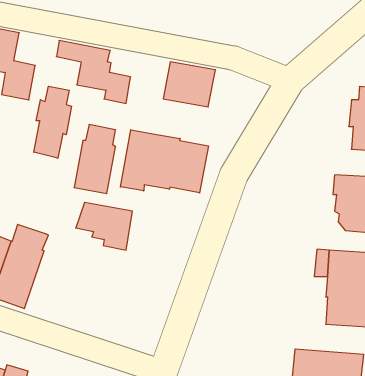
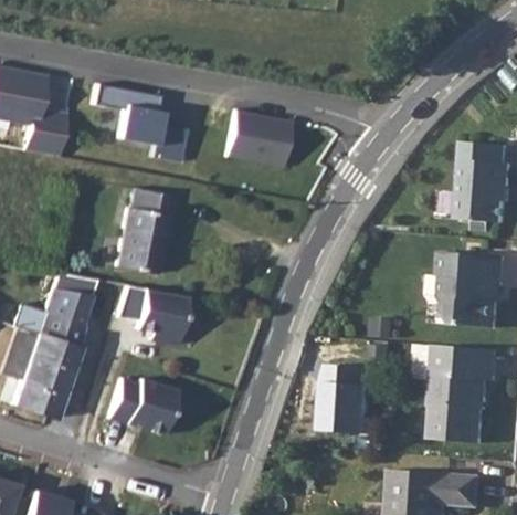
building: [34,86,72,158] -> none
building: [120,130,208,193] -> none
building: none -> [44,274,97,326]
building: none -> [316,364,367,435]
building: none -> [110,377,178,433]

